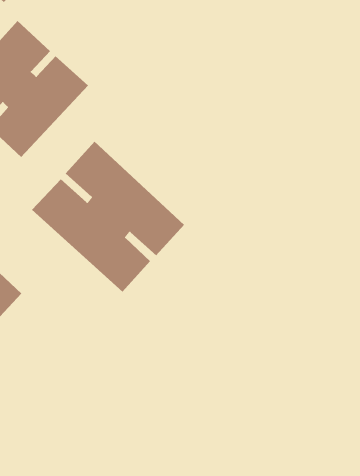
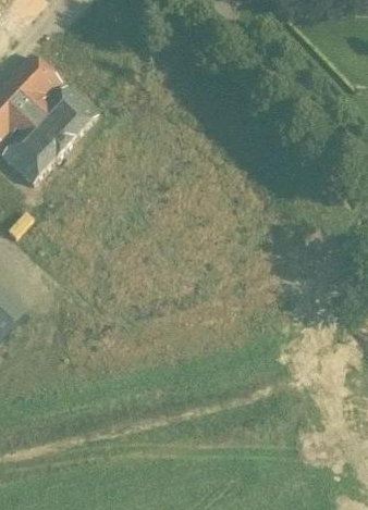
building: [31,141,185,293] -> none

